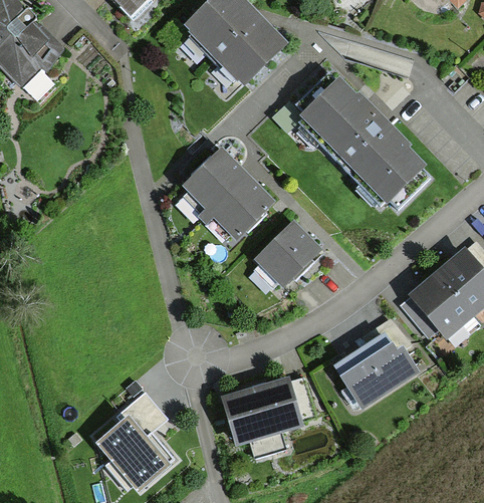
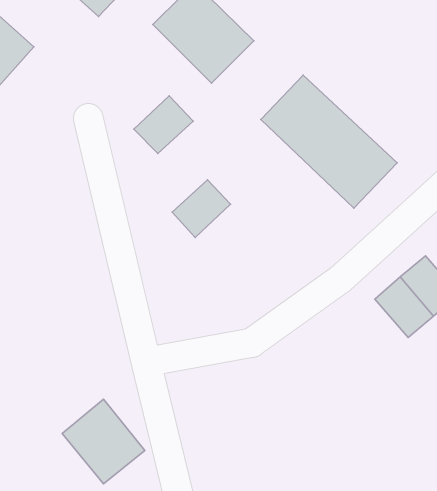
building: [183,155,242,212] -> [134,96,193,154]
building: [253,223,318,288] -> none
building: [332,319,418,408] -> none
building: [223,378,303,445] -> none

